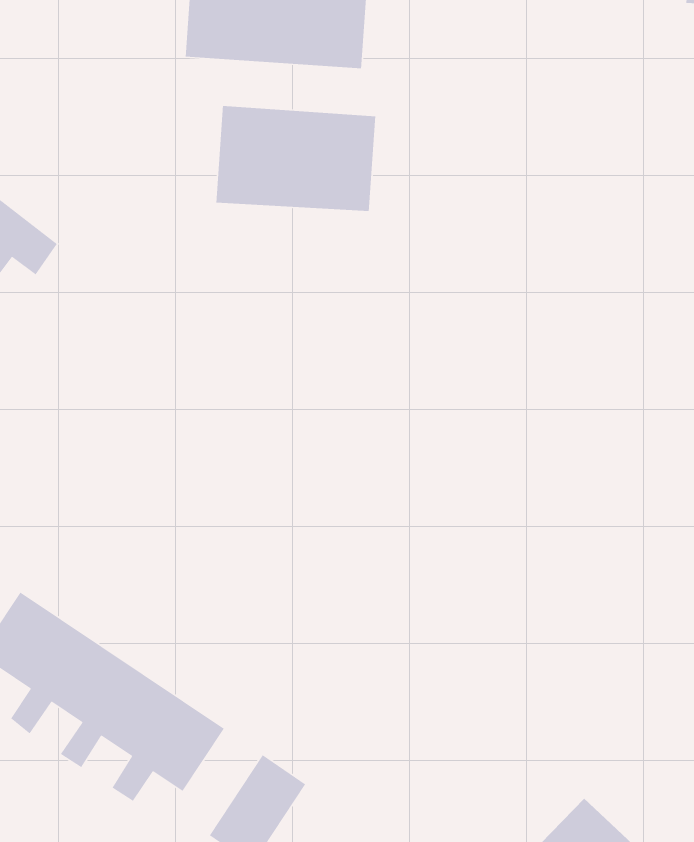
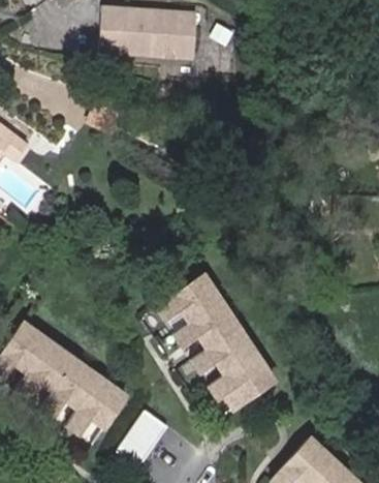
building: [215,105,376,212] -> none
building: none -> [145,280,272,409]

